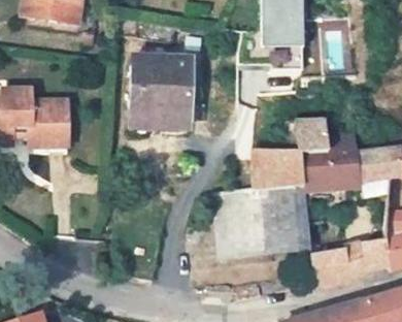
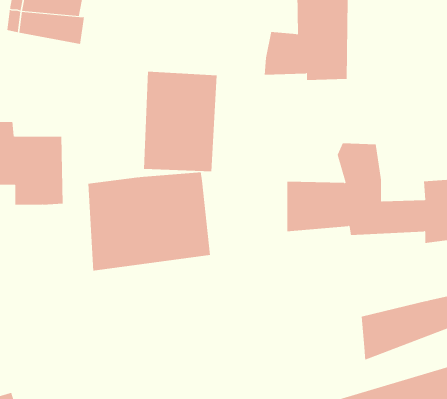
building: [214,182,310,259] -> [87,172,211,271]

